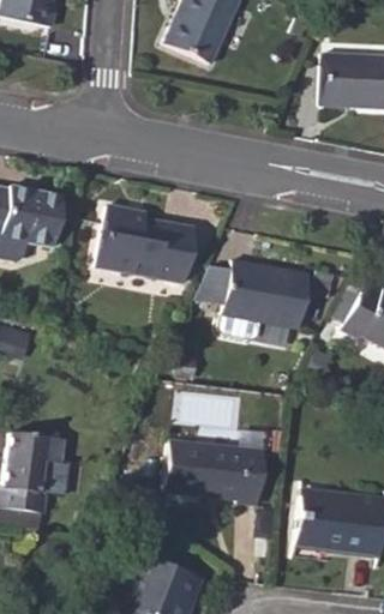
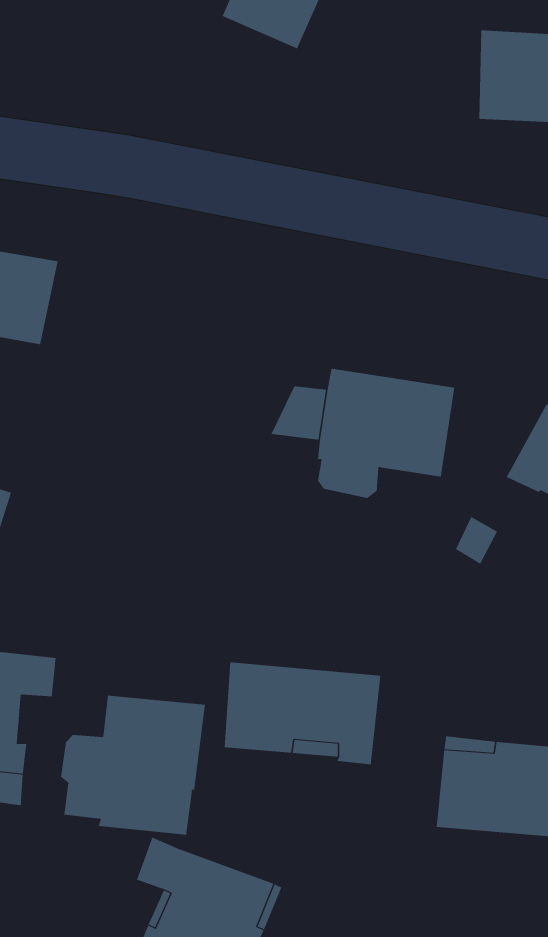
building: [97,203,197,282] -> none
building: none -> [61,695,205,835]

